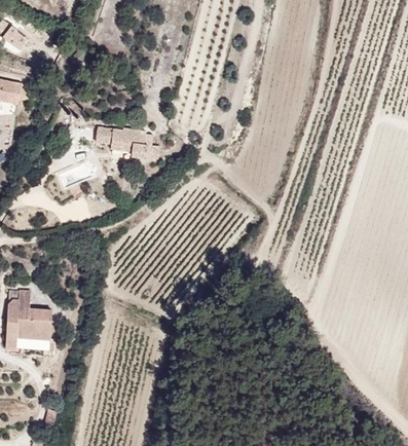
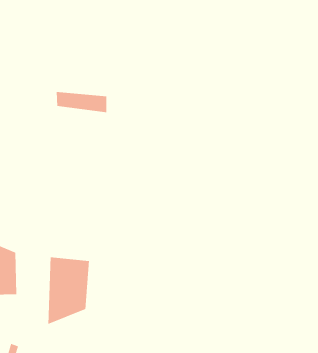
building: none -> [48,257,89,325]

